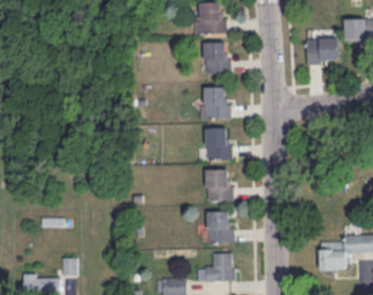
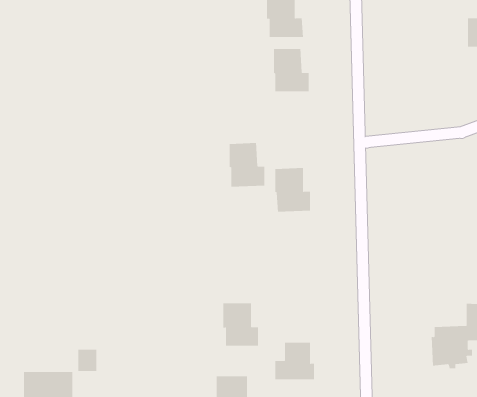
building: [306,37,338,65] -> none
building: [204,86,230,118] -> [229,142,265,187]
building: [206,169,232,201] -> none
building: [207,211,234,242] -> [222,303,259,346]

